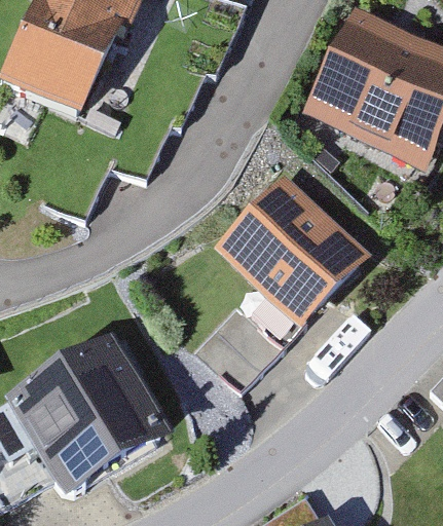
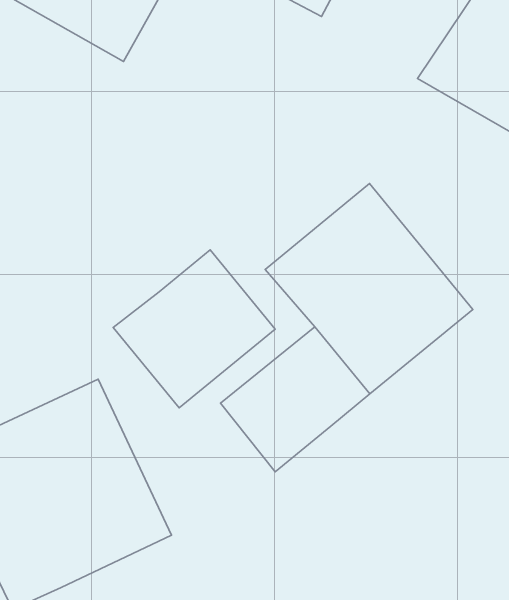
building: none -> [113,250,275,408]

